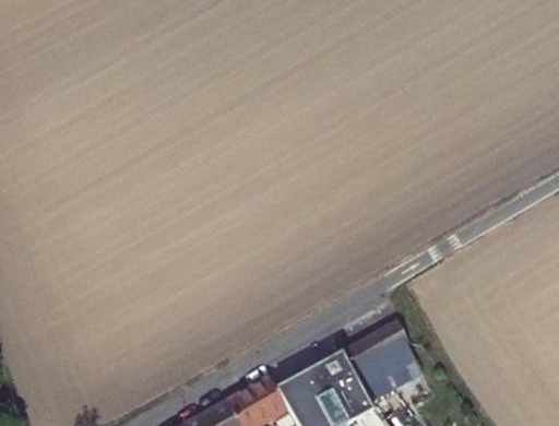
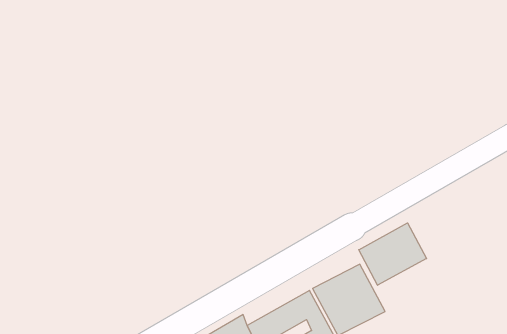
building: none -> [359,223,427,285]

